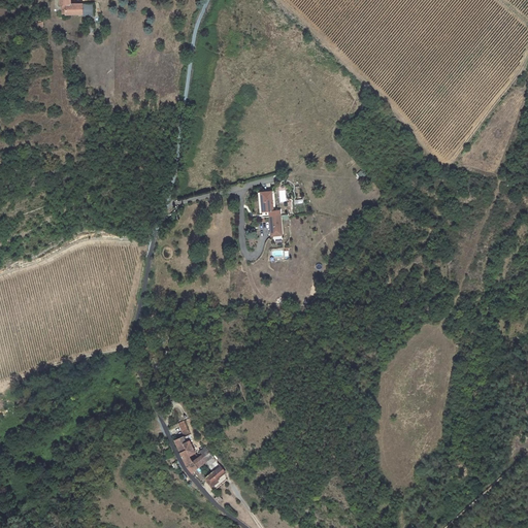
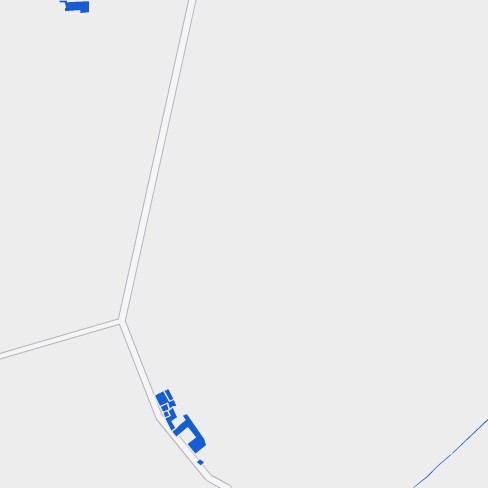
building: [261,192,282,237] -> none

